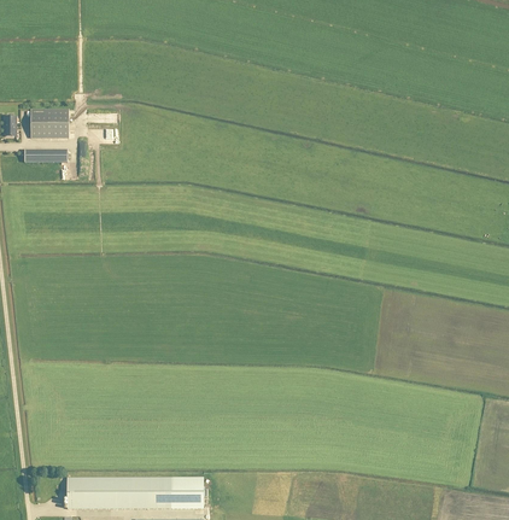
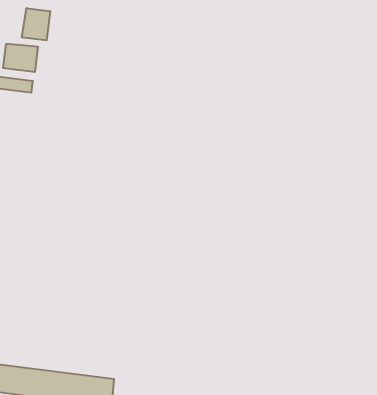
building: none -> [22,8,50,40]

